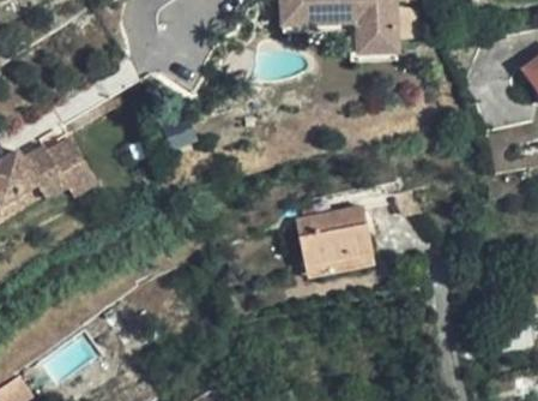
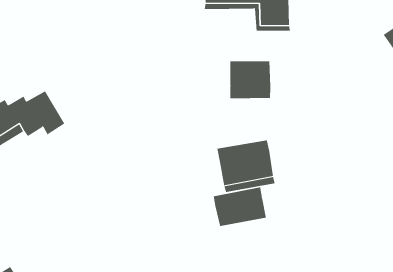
building: none -> [230,61,271,99]
building: none -> [213,186,266,227]

